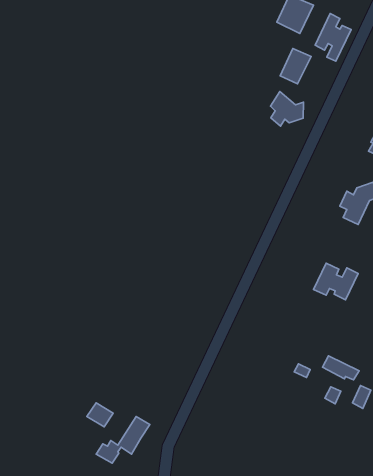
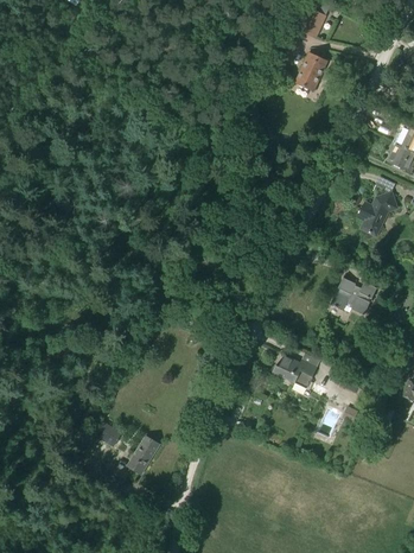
building: [315,14,351,61] -> none
building: [270,91,304,126] -> none
building: none -> [273,356,318,383]

